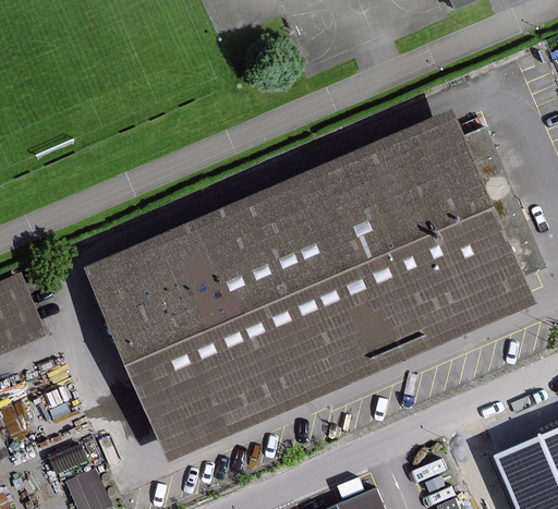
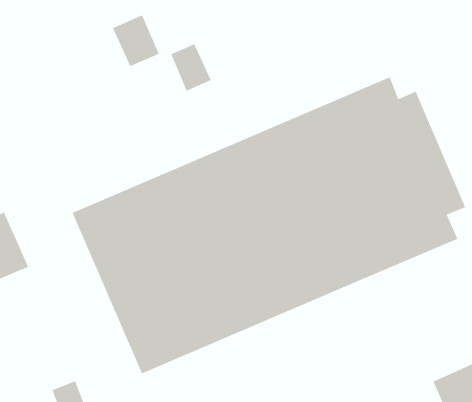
building: none -> [112,14,160,67]
building: none -> [170,43,212,92]

